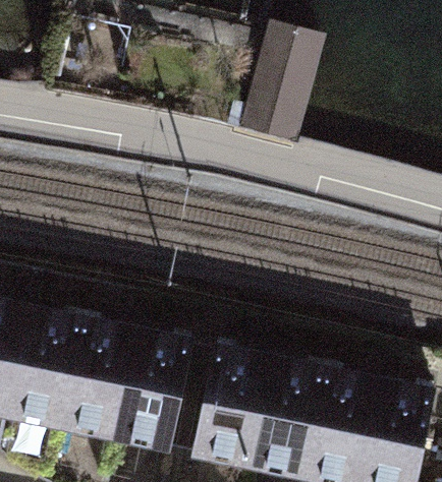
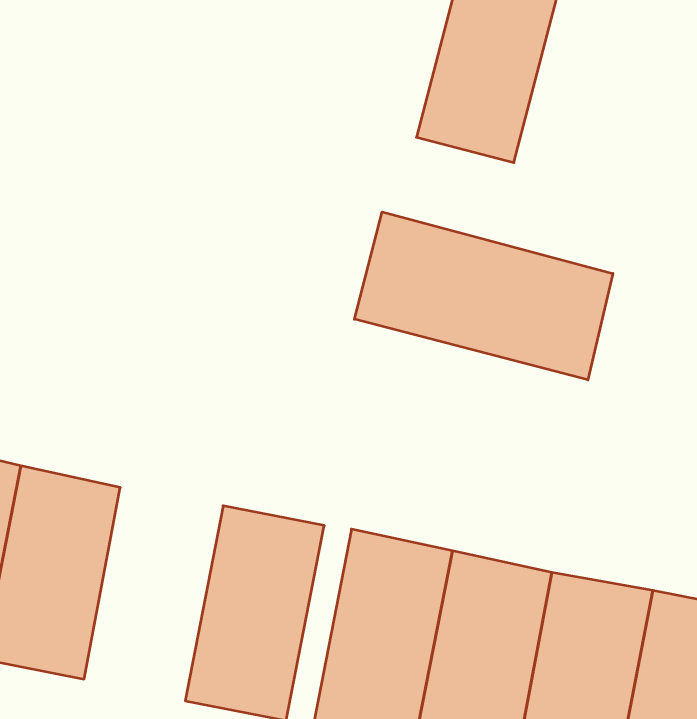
building: none -> [354,212,613,380]
building: [54,321,132,441] -> none

